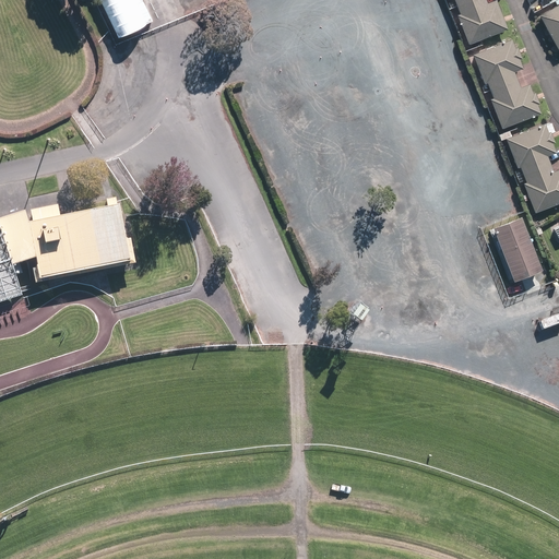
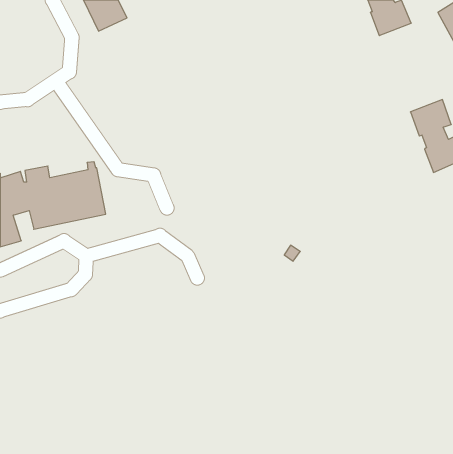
building: [473,38,539,127] -> none
building: [493,209,538,270] -> none

